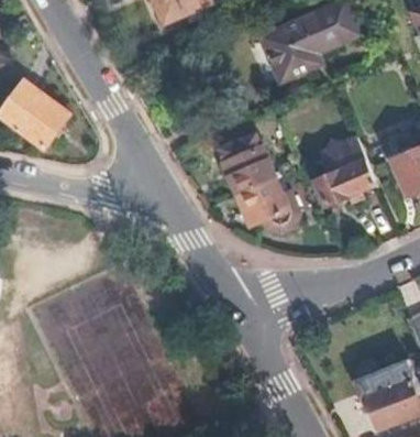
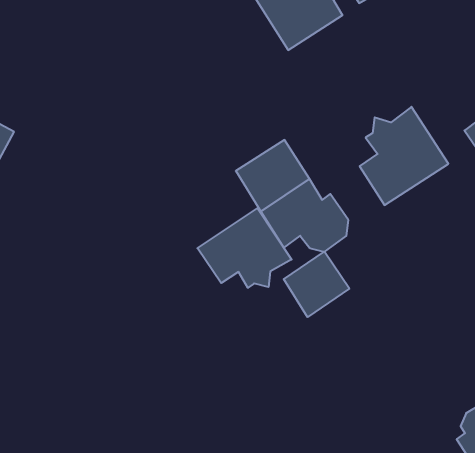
building: none -> [197,208,292,288]
building: none -> [284,252,349,317]

